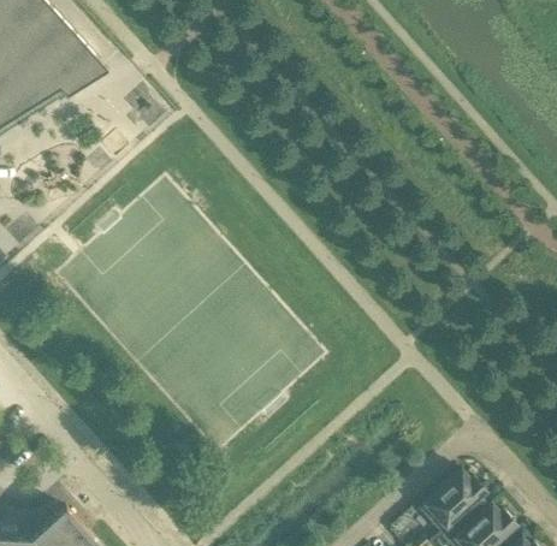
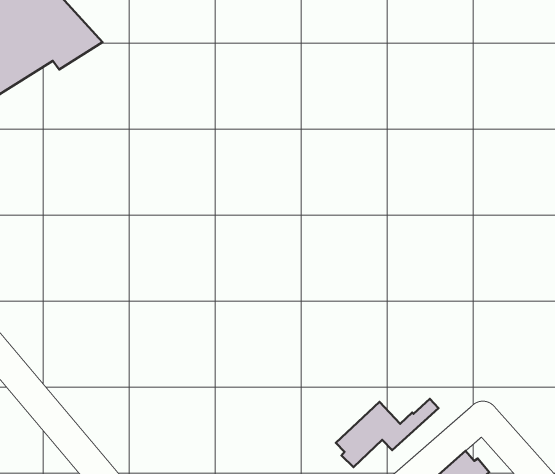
building: none -> [336,399,438,467]

